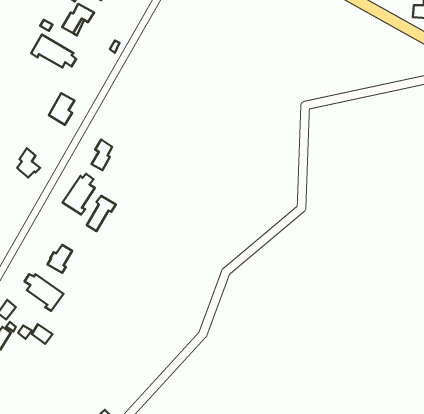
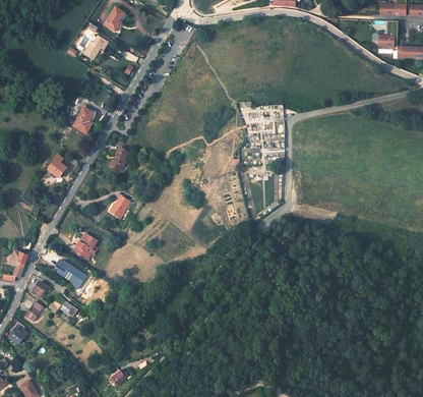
building: [31,35,76,68] -> none
building: [63,174,95,215] -> none

